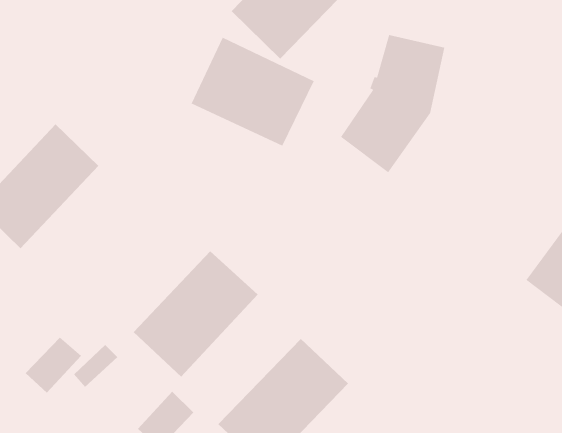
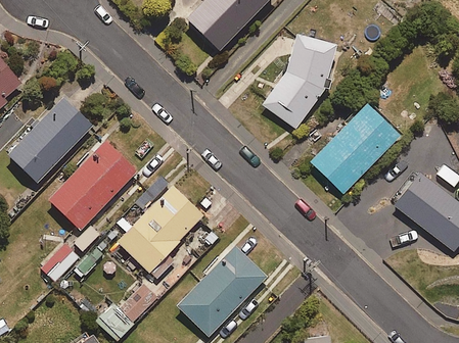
building: [191,37,315,146] -> none
building: none -> [309,101,400,194]
building: none -> [47,139,138,231]

